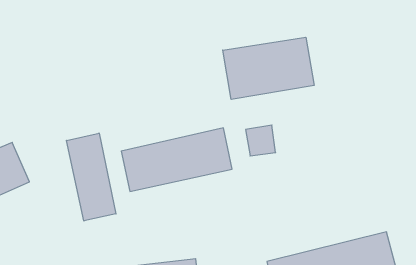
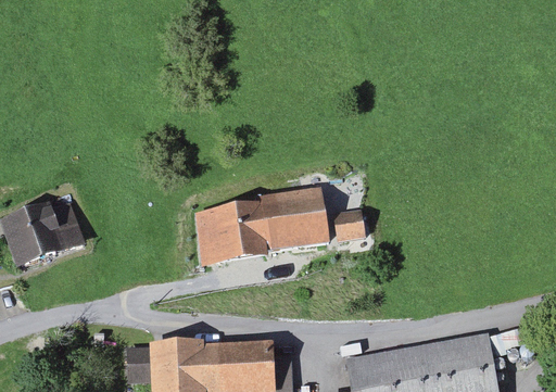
building: [223,37,314,99] -> none
building: [66,133,116,221] -> none

